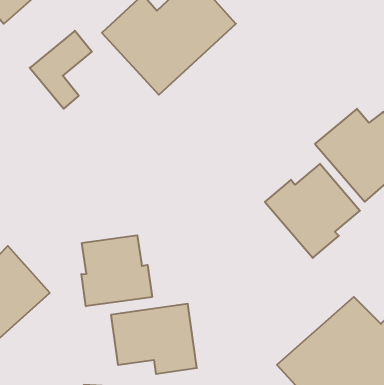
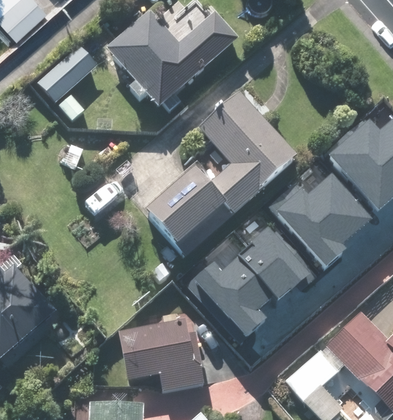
building: none -> [142,99,290,260]
building: none -> [189,231,308,341]
building: [81,235,152,306] -> none

